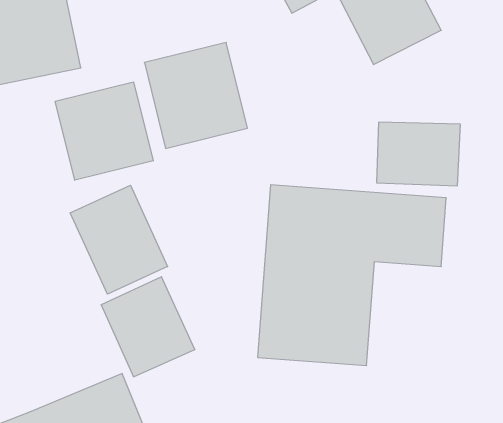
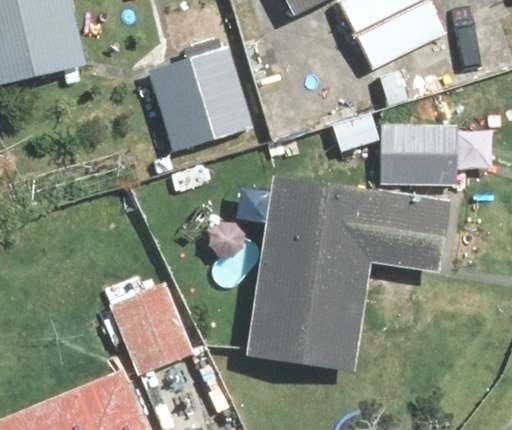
building: [55,82,153,180] -> none
building: [70,185,168,294] -> none

